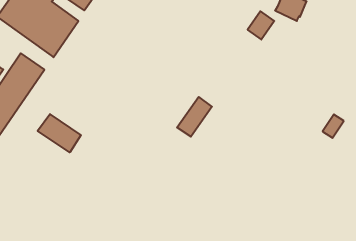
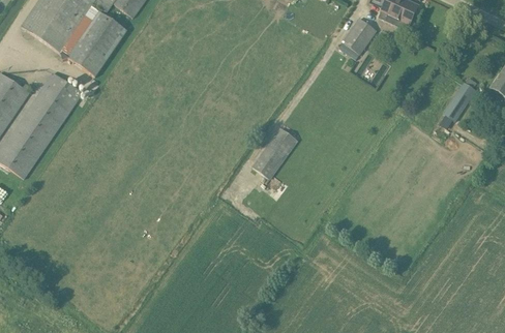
building: [38,114,81,152] -> none
building: [323,114,344,138] -> [443,91,470,121]

